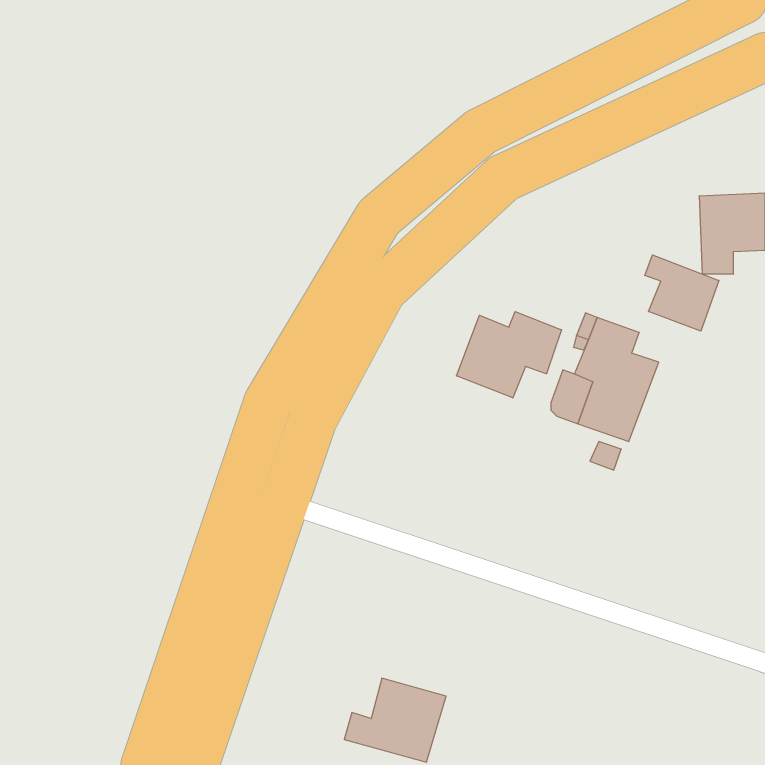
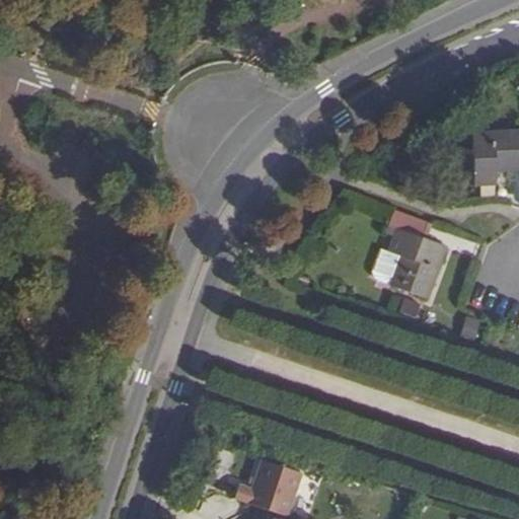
building: [645,255,719,331] -> none
building: [457,312,562,398] -> none

